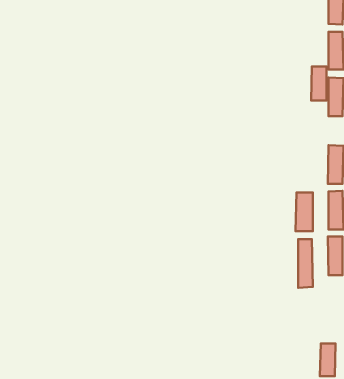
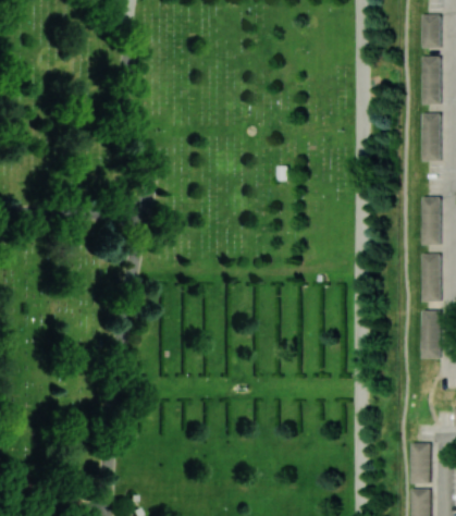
building: [311,66,327,101] -> none
building: [295,192,313,231] -> none
building: [298,239,313,288] -> none

